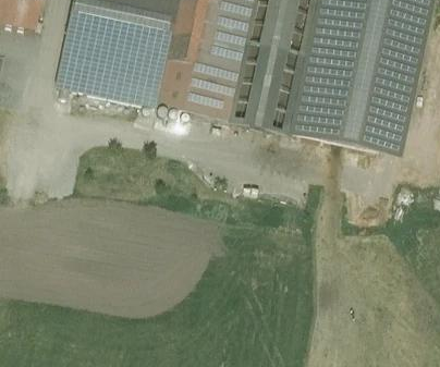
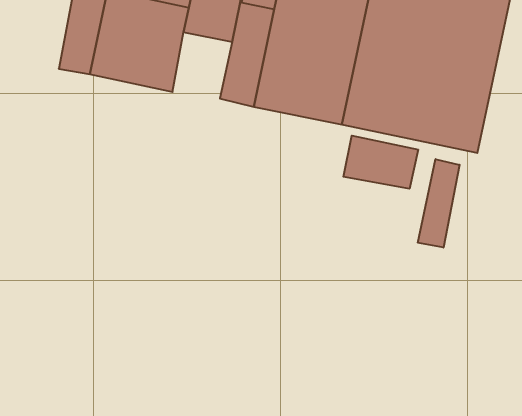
building: [155,58,203,111] -> none
building: none -> [343,136,418,189]
building: none -> [418,159,460,248]

